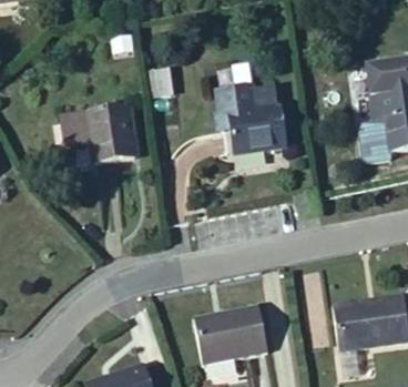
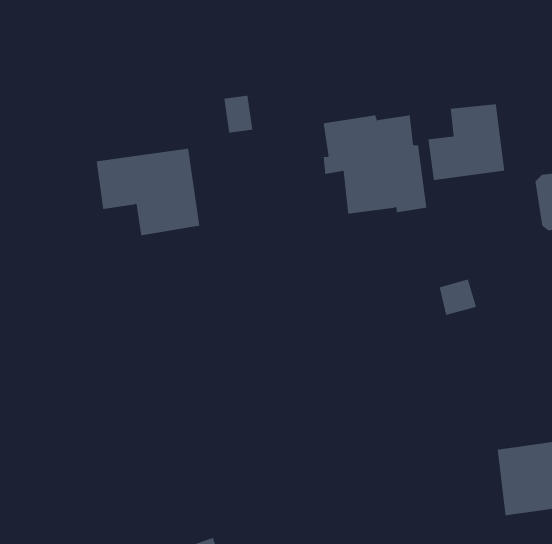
building: none -> [428,103,505,181]
building: [193,305,267,365] -> none

